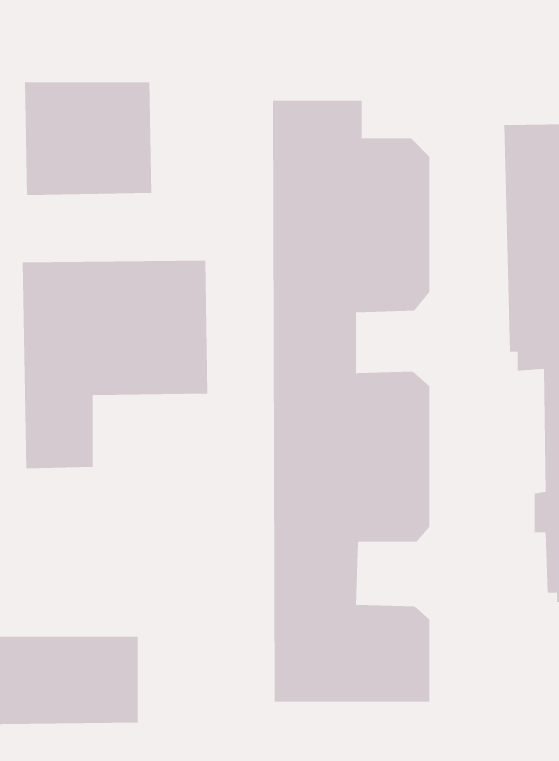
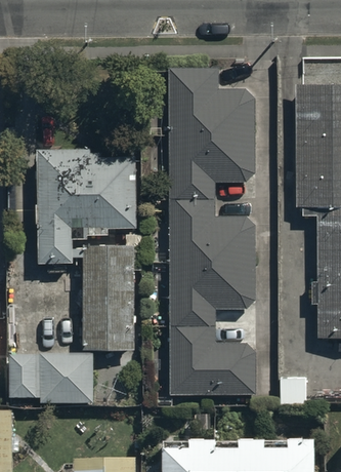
building: [24,81,152,196] -> none
building: none -> [87,247,134,347]

